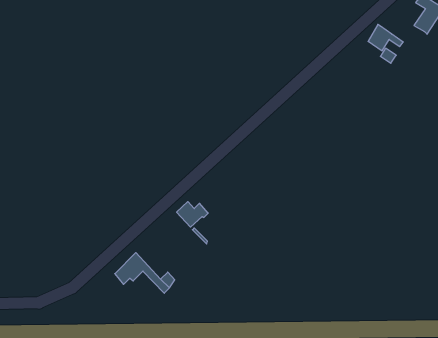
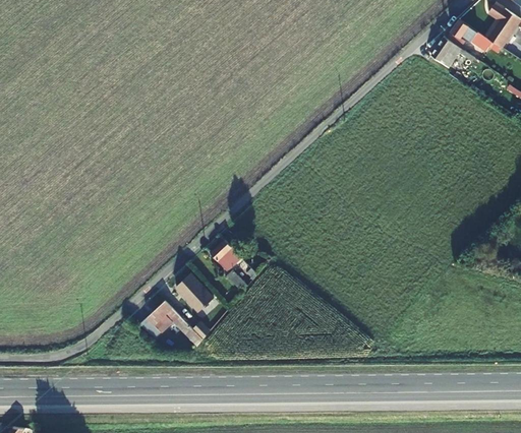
building: none -> [447,20,498,51]
building: none -> [178,275,214,312]

